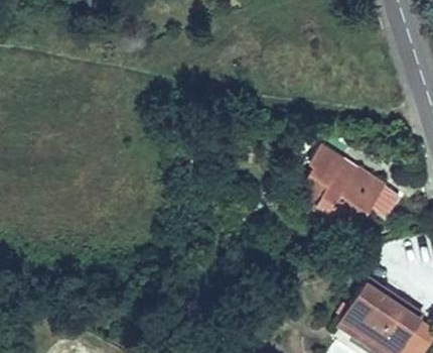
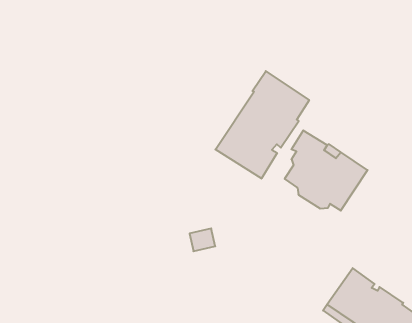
building: none -> [215,71,309,179]

